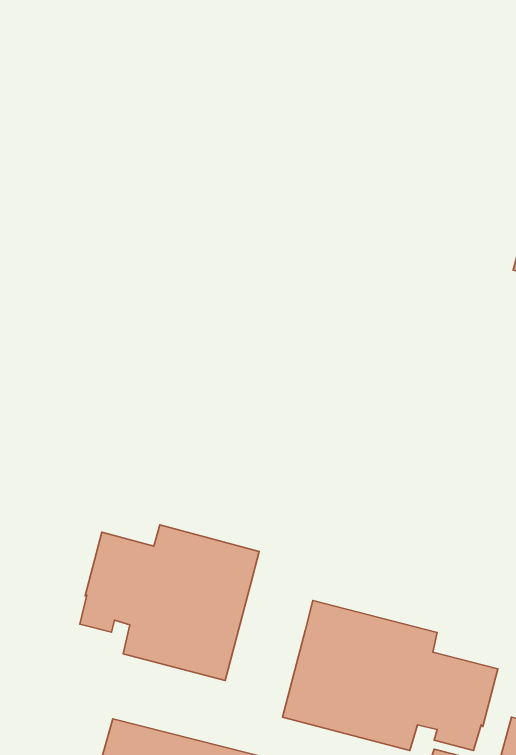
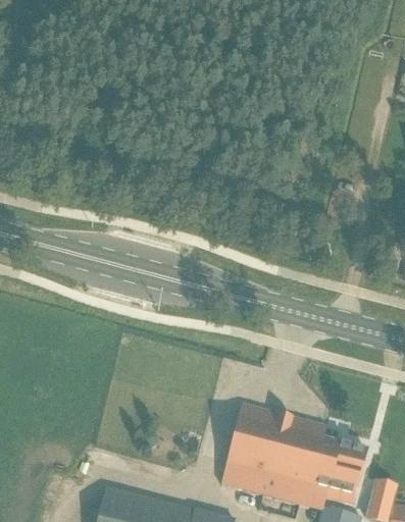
building: [80,525,259,680] -> none

